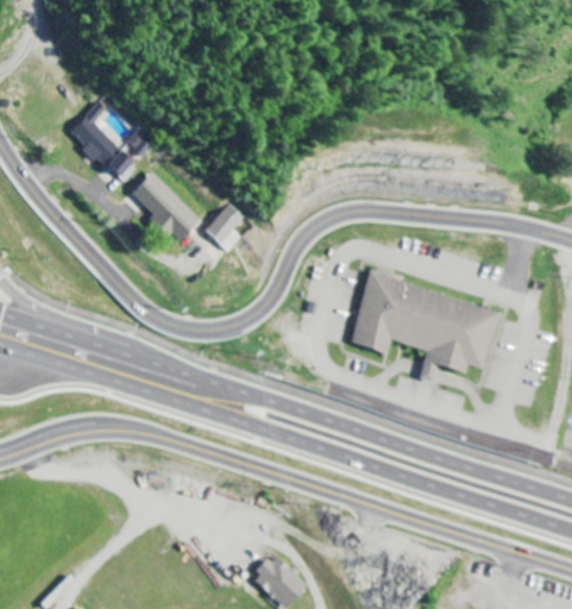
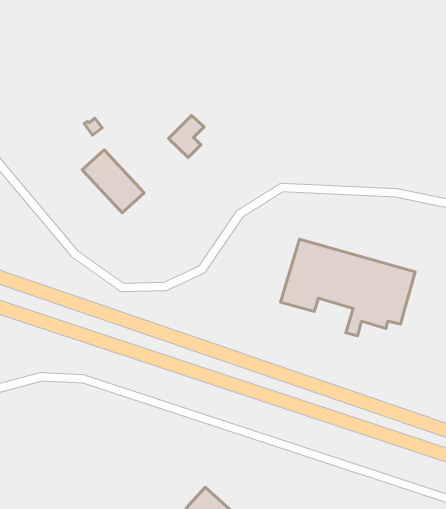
building: [68,101,137,184] -> none
building: [205,203,245,251] -> [168,115,204,157]

